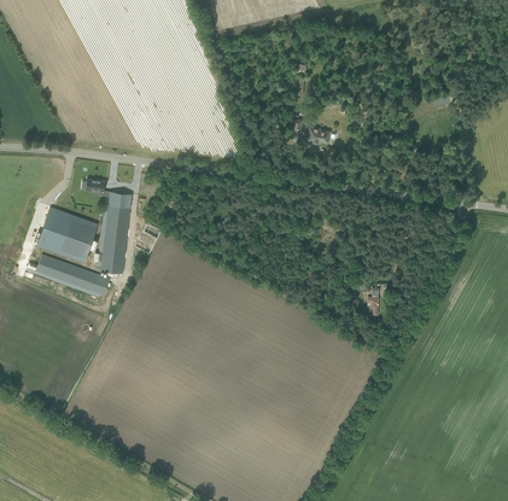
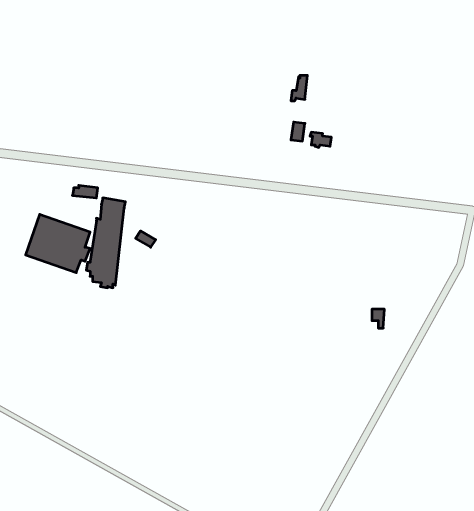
building: [27,255,110,297] -> none

